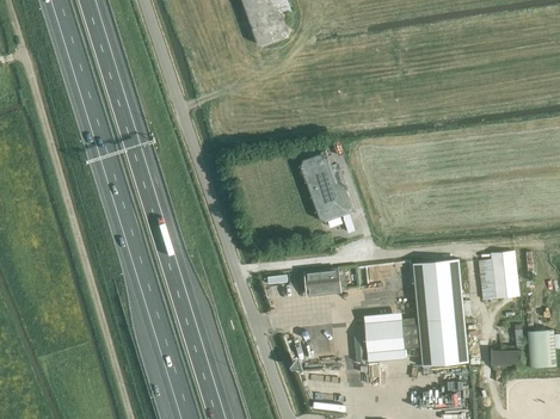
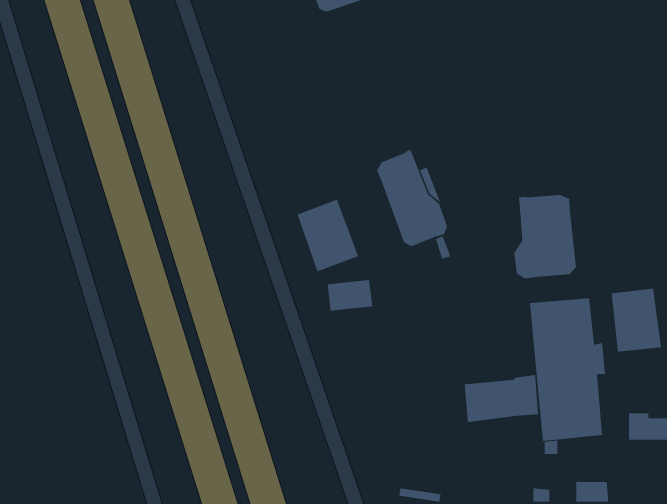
building: none -> [514,194,577,279]
building: none -> [297,199,359,272]
building: [304,271,339,295] -> [327,279,373,311]

